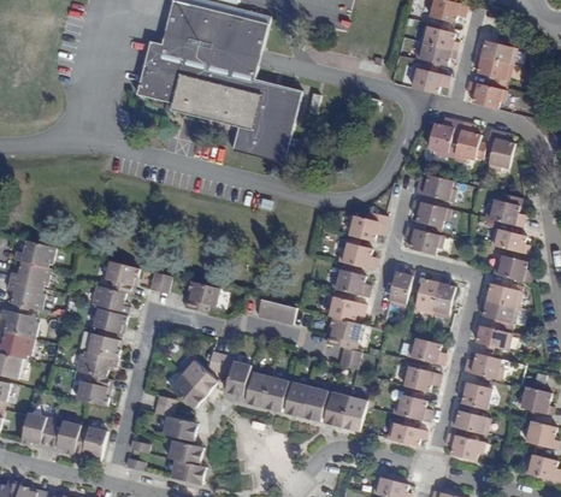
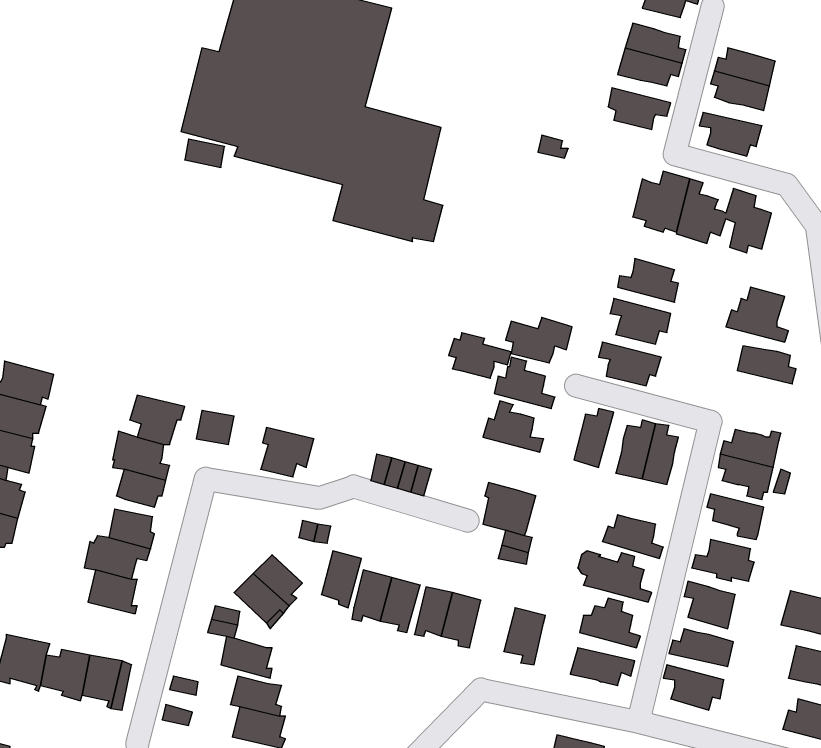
building: [492,255,531,283] -> none
building: [325,292,365,321] -> [449,333,511,378]
building: [325,391,350,424] -> none

